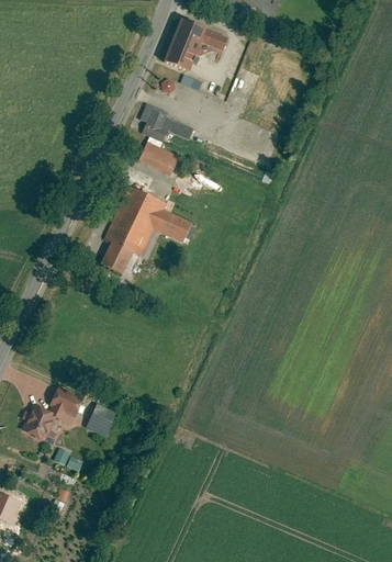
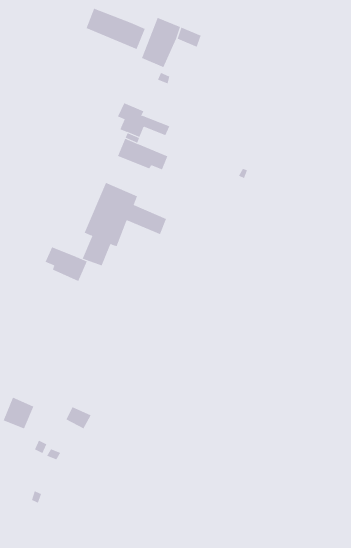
building: none -> [86,8,145,50]
building: none -> [45,247,87,282]
building: [51,389,80,417] -> none

